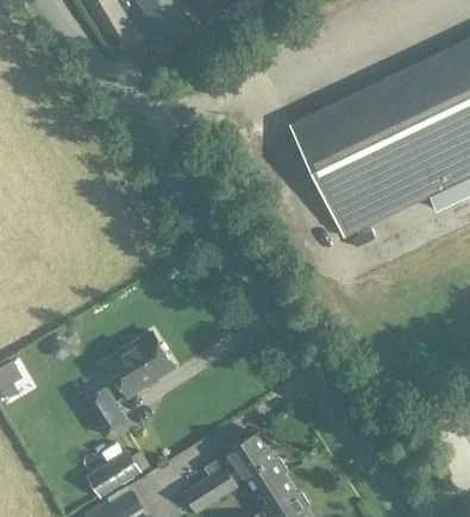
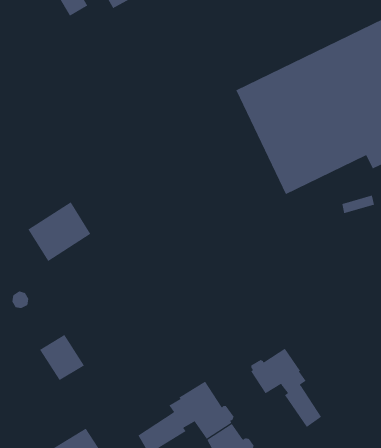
building: [106,333,174,397] -> [28,202,91,262]
building: none -> [251,348,322,428]
building: [87,448,150,497] -> none

